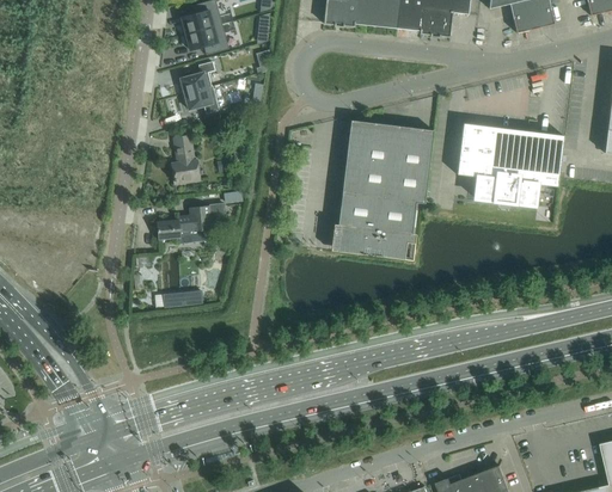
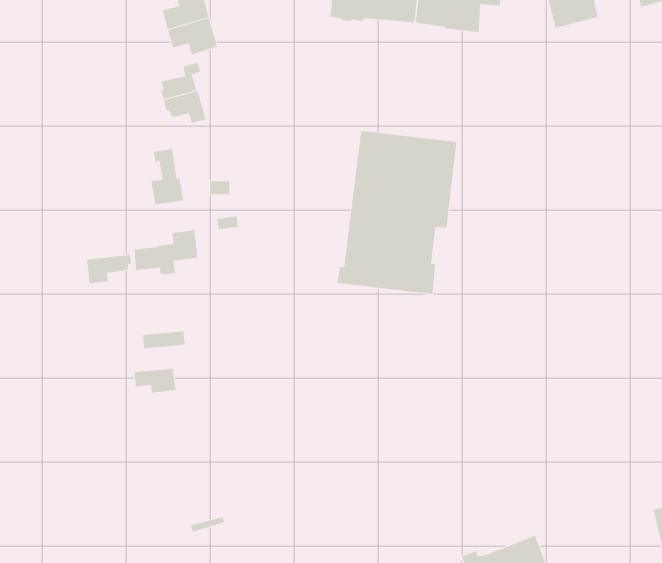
building: [457,123,563,204] -> none
building: none -> [87,254,132,284]
building: none -> [134,368,176,393]

